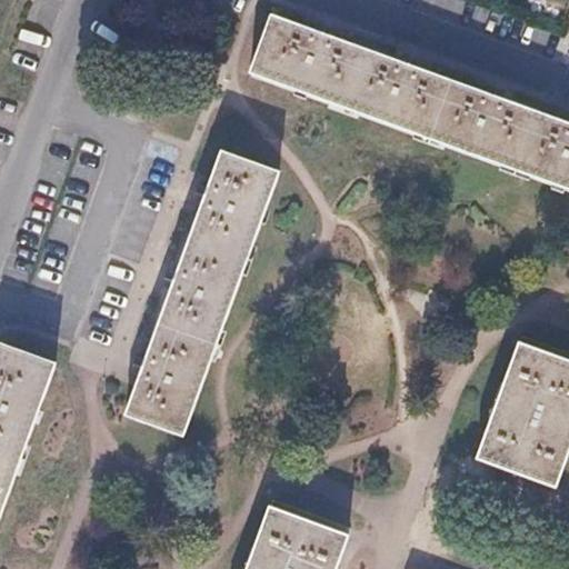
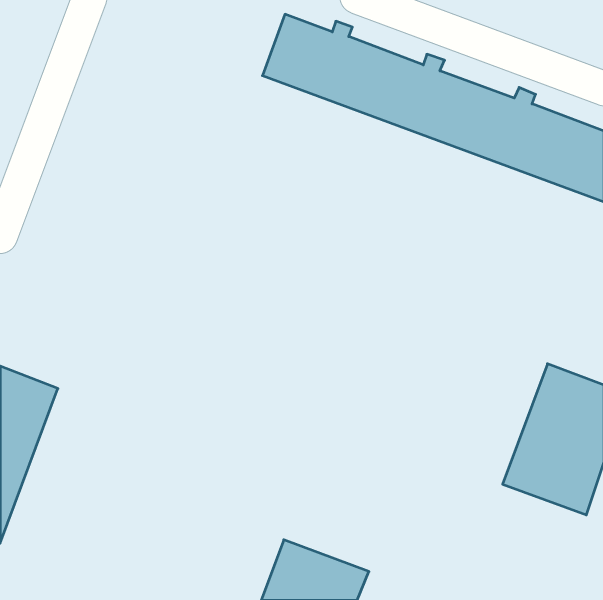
building: [127,151,277,435] -> none

